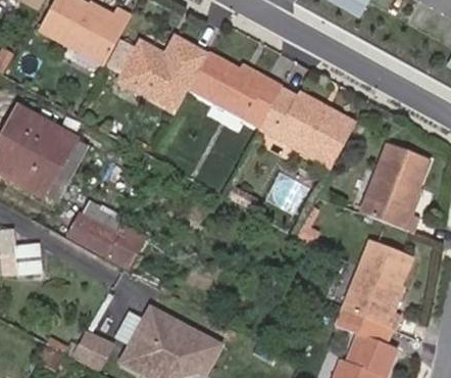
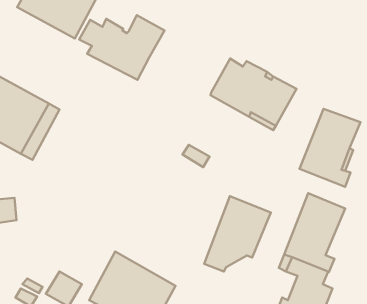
building: [189,52,281,125] -> none
building: [68,212,143,265] -> none
building: none -> [204,196,271,272]

